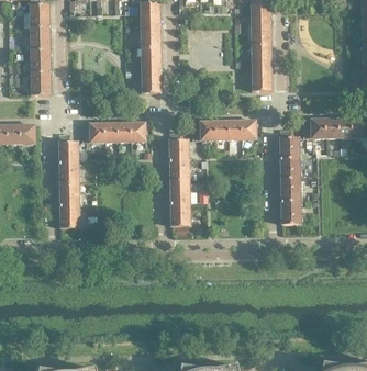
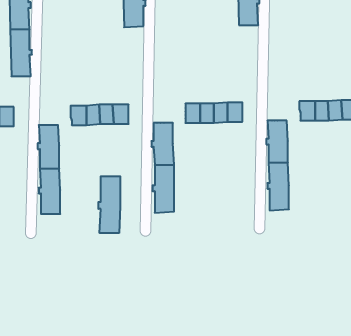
building: [252,44,273,89] -> none
building: [141,45,163,91] -> none
building: none -> [98,176,120,233]

